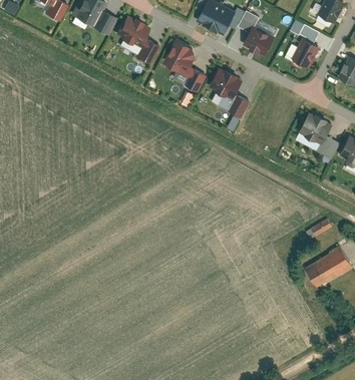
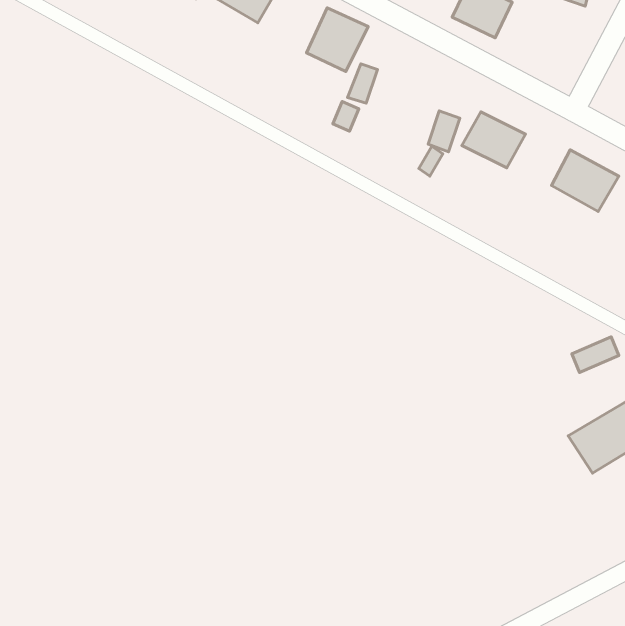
building: [293,39,321,70] -> none
building: [210,67,244,97] -> [462,112,526,168]

